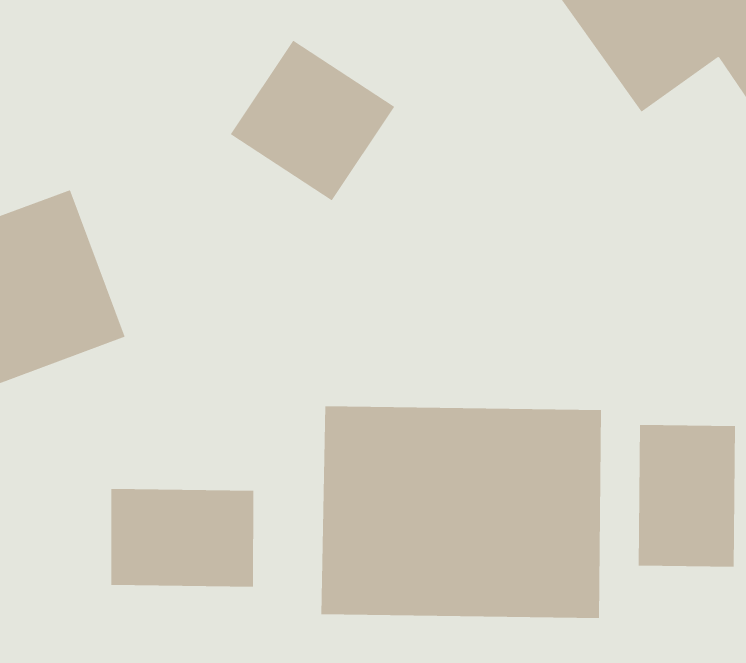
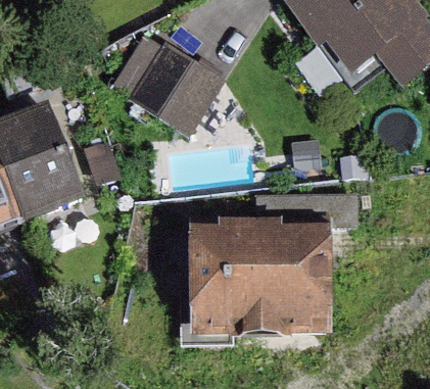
building: [638,424,735,567] -> none
building: [111,488,254,588] -> none

